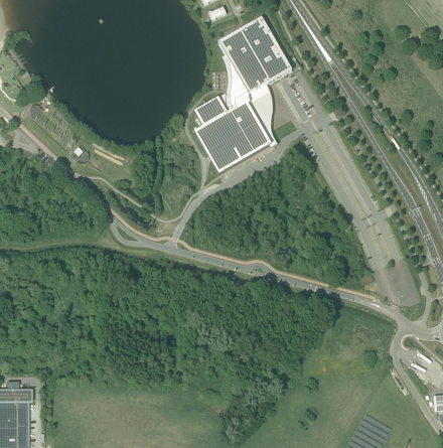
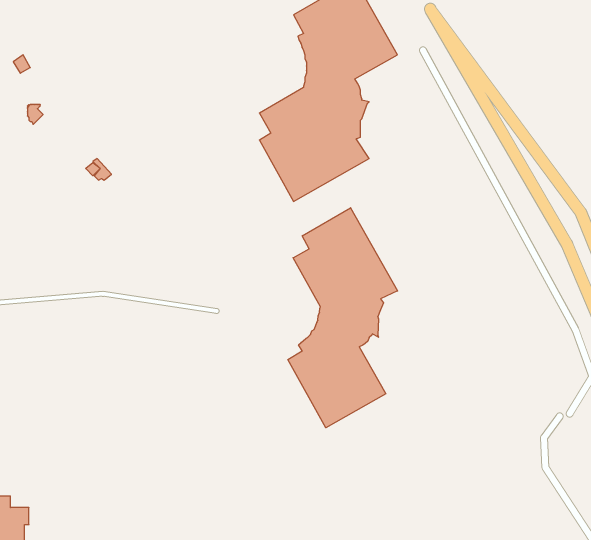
building: none -> [288,208,398,428]

